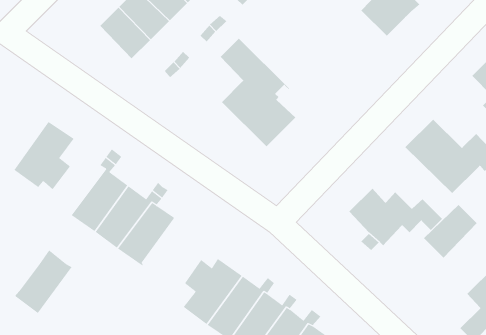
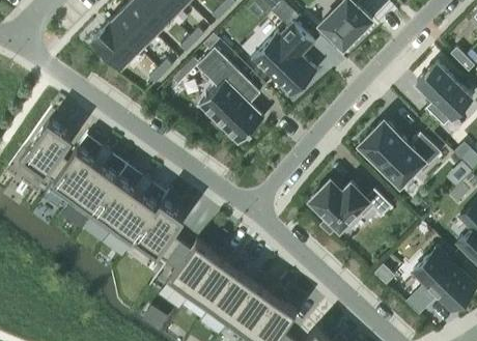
building: none -> [251,22,318,98]
building: [423,204,477,258] -> none
building: none -> [131,202,184,263]
building: [14,249,73,314] -> [48,148,99,204]

